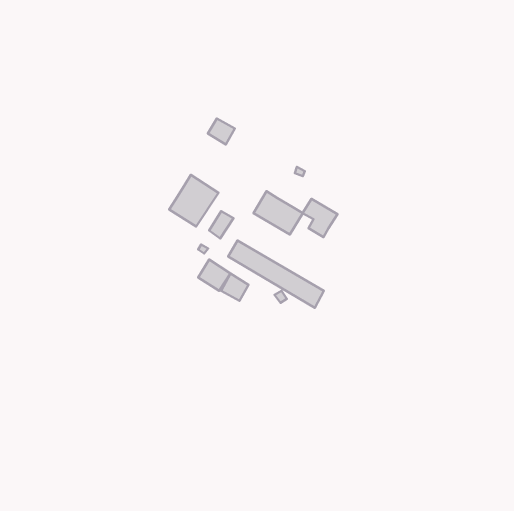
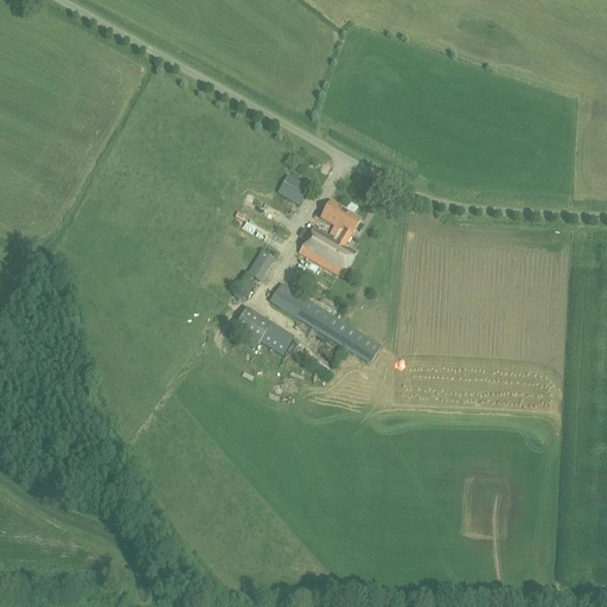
building: [208,118,235,145] -> [276,173,308,204]
building: [169,175,218,227] -> none
building: [302,199,338,237] -> [320,199,362,244]

